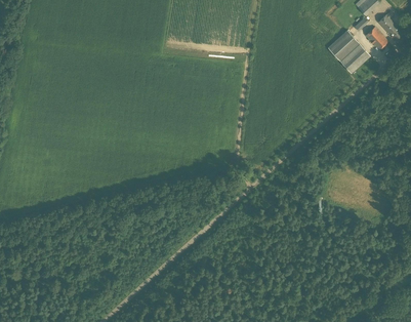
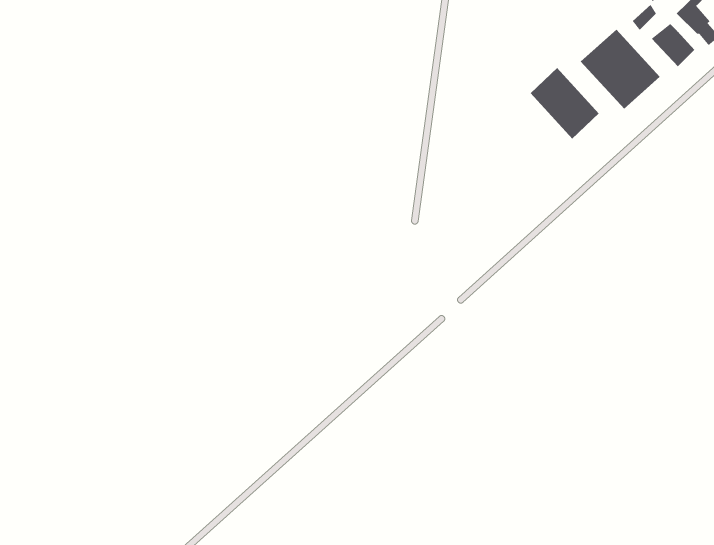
building: none -> [530,67,600,139]

